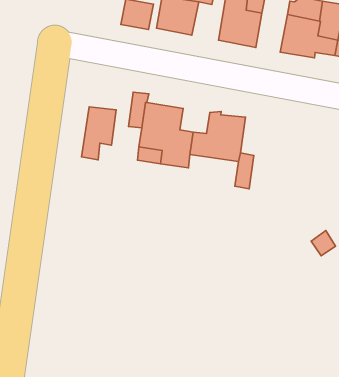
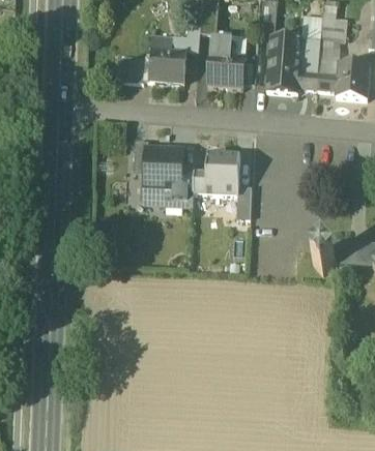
building: [81,107,116,160] -> none

